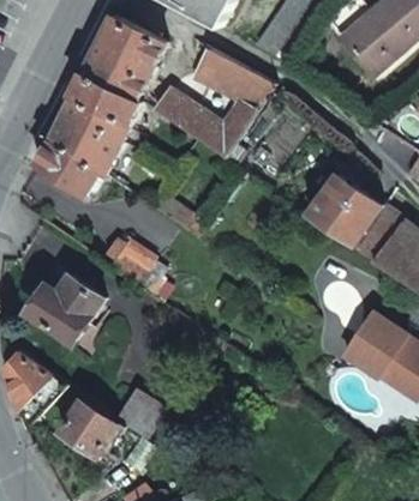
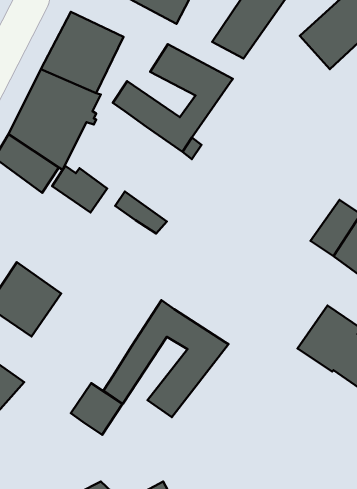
building: [307,173,382,245] -> none
building: [98,237,154,284] -> [52,166,107,213]
building: none -> [103,300,228,417]
building: [61,397,125,457] -> none

